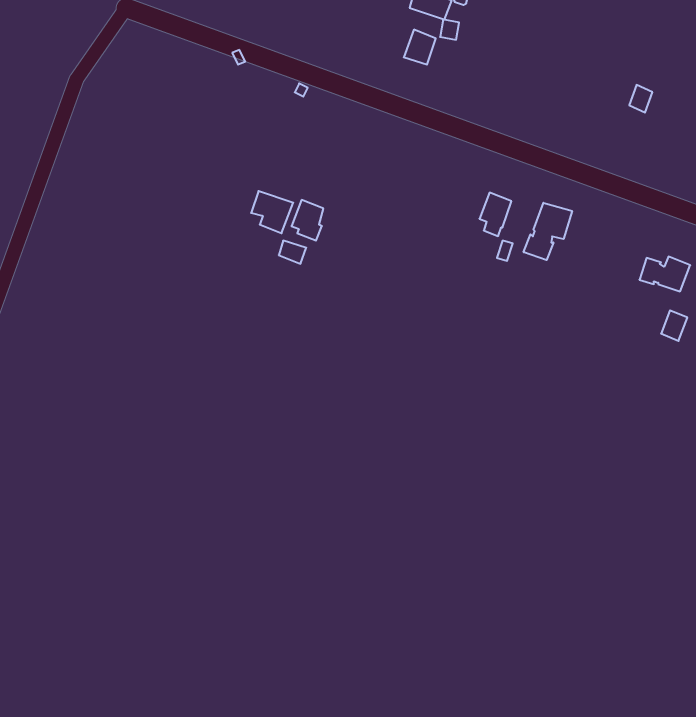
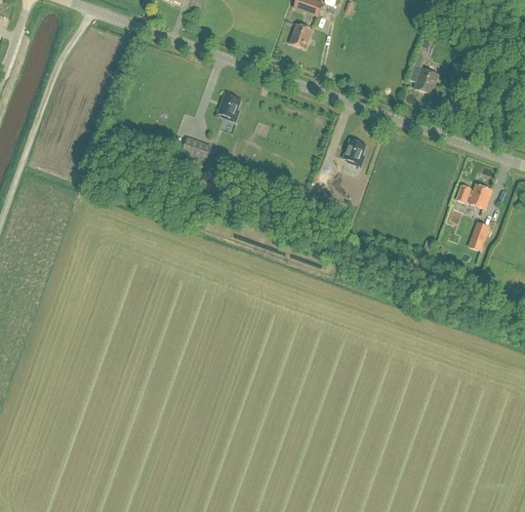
building: none -> [409,65,438,92]
building: [291,200,323,241] -> [217,92,240,121]
building: [524,203,572,260] -> none

